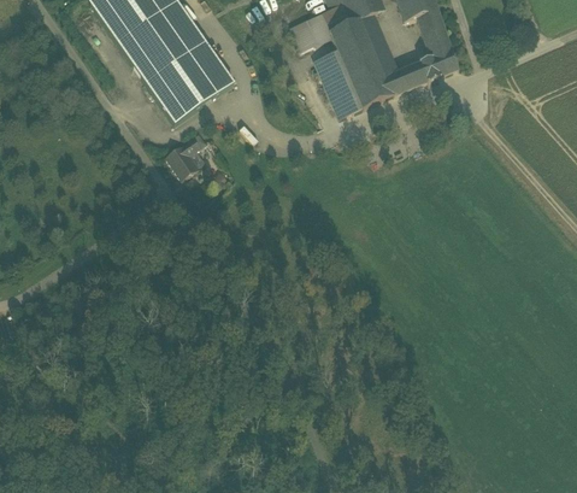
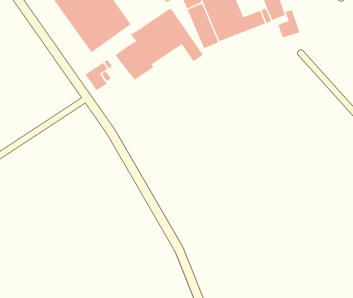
building: none -> [114,7,204,81]
building: none -> [278,9,300,38]

